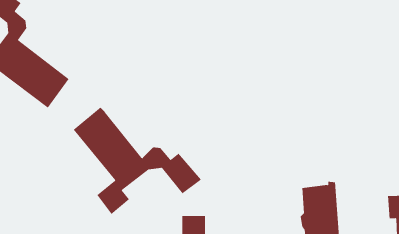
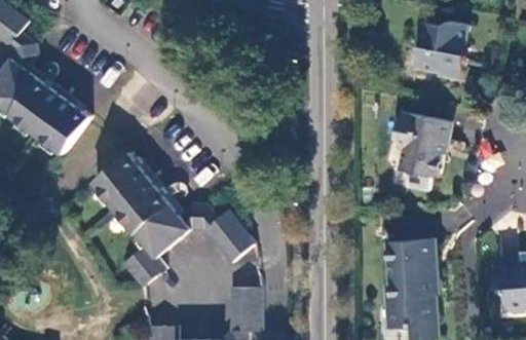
building: none -> [412,26,465,84]
building: none -> [392,115,446,193]

